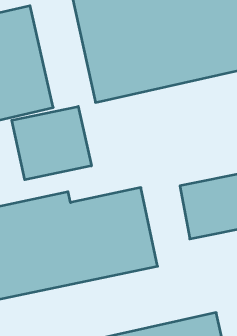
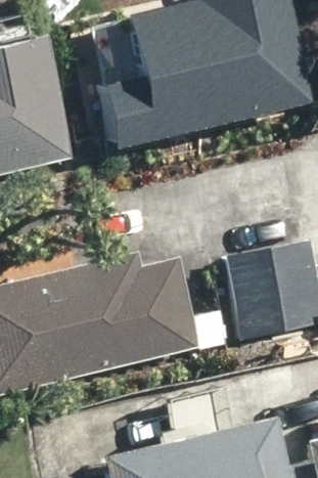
building: [12,106,91,180] -> none

